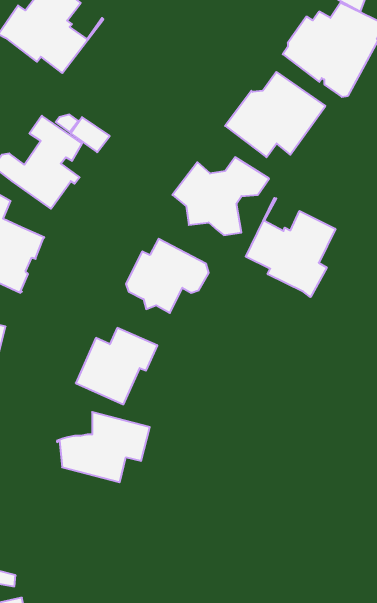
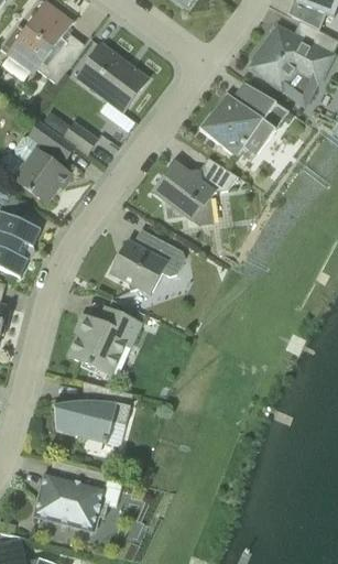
building: none -> [76,43,149,112]
building: [246,198,335,297] -> none
building: none -> [35,459,107,530]

